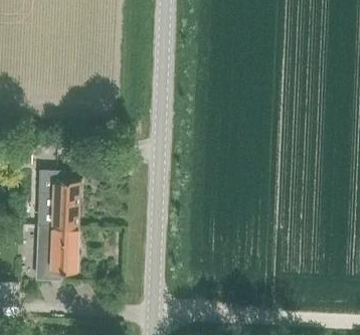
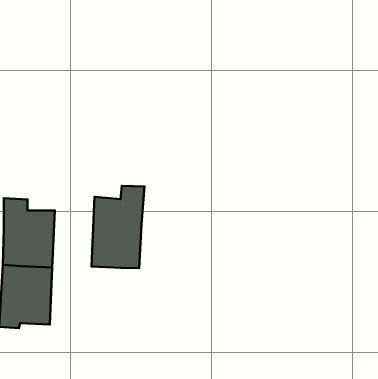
building: none -> [91,186,144,268]

